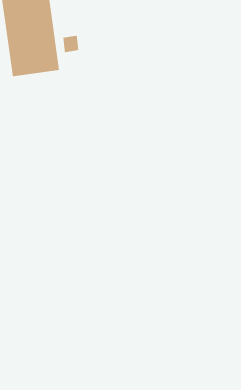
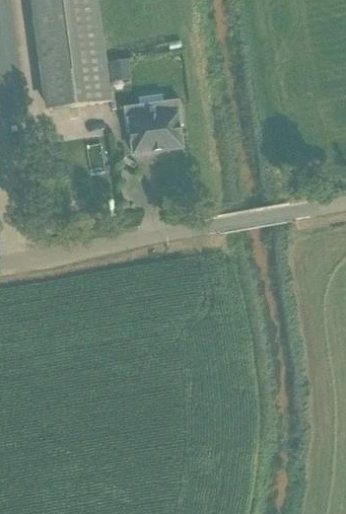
building: none -> [122,93,181,153]

